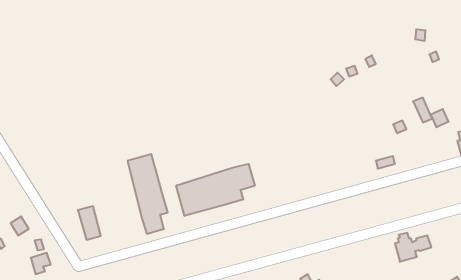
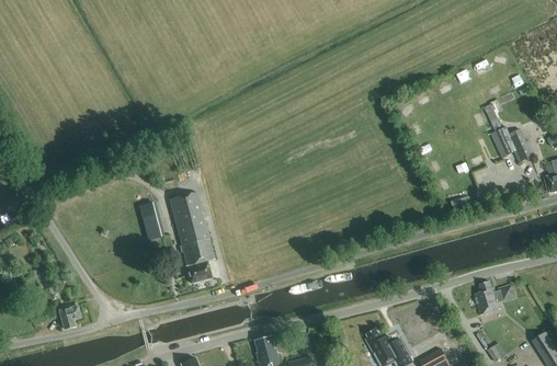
building: [176,164,255,216] -> none
building: [78,206,101,240] -> [138,201,164,239]

